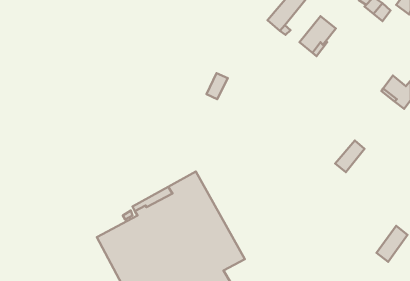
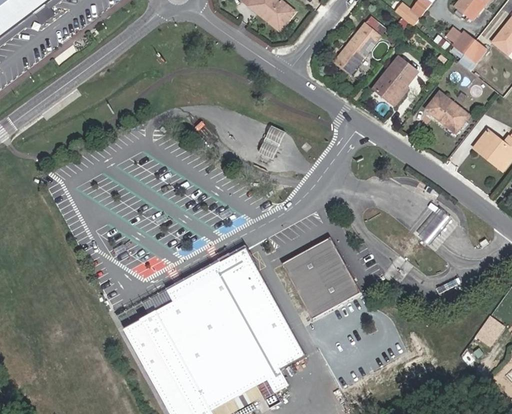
building: none -> [424,90,468,132]
building: none -> [281,236,360,317]

